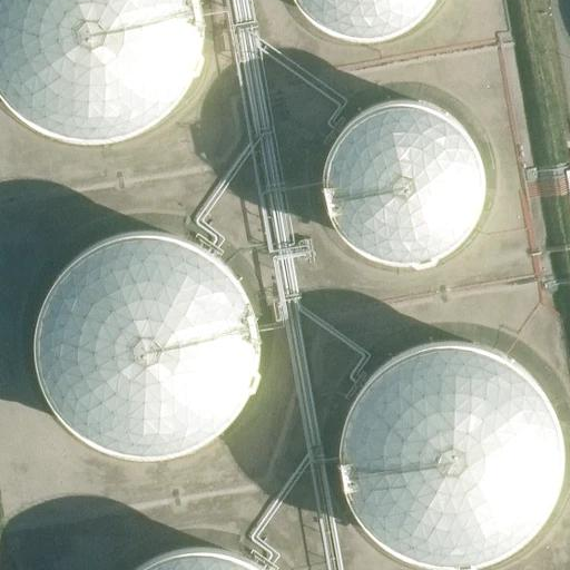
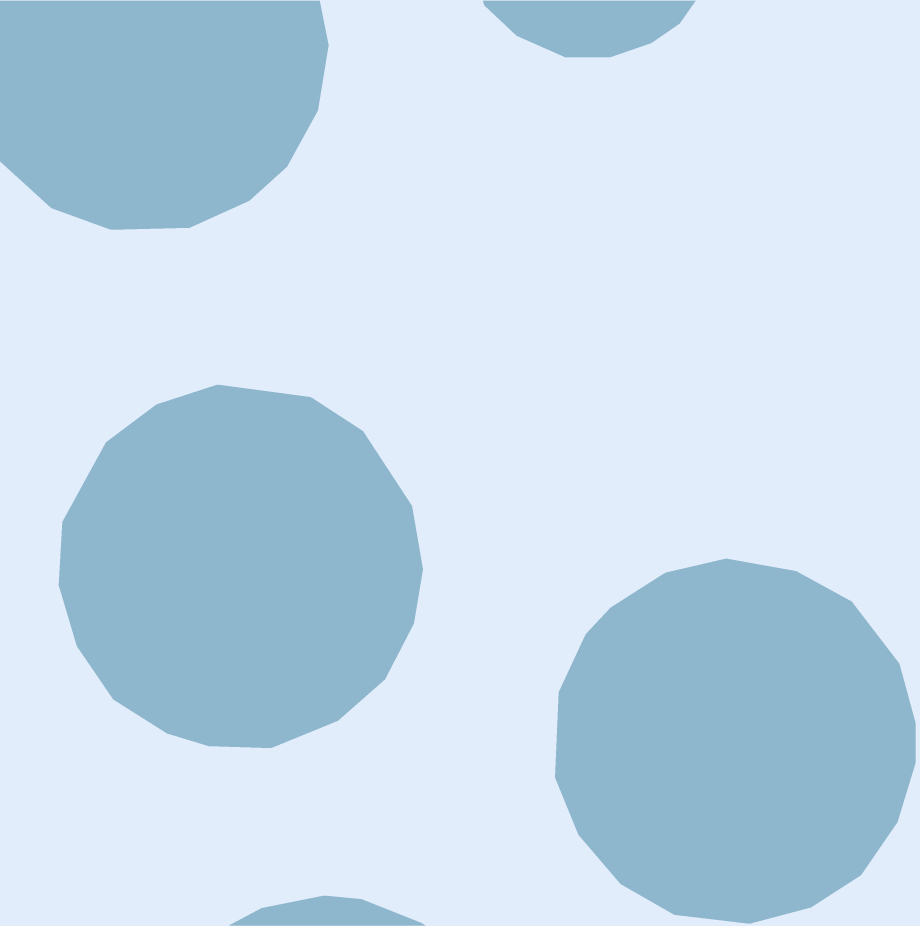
building: [324,98,488,261] -> none

